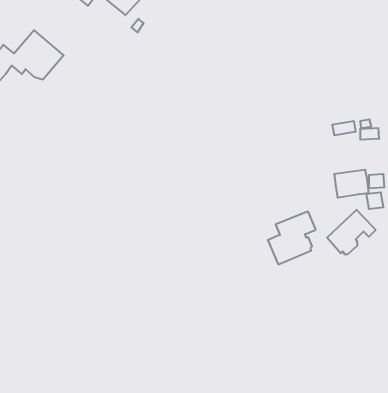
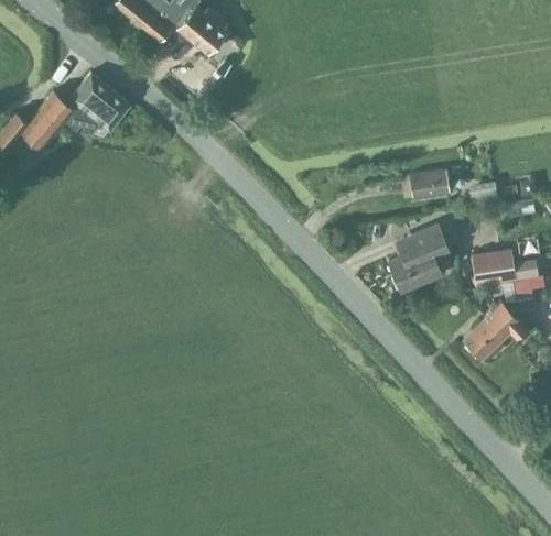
building: none -> [410,171,449,199]
building: [268,211,316,264] -> [388,226,449,293]

